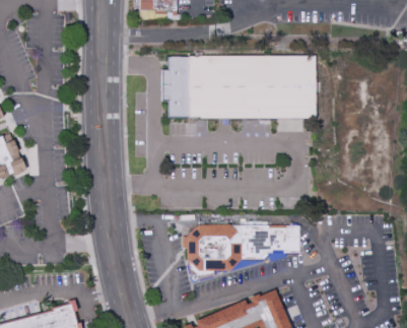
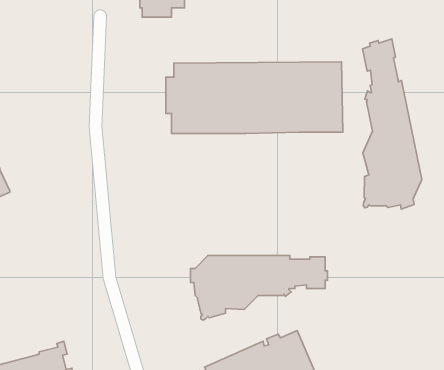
building: none -> [363,39,422,209]

